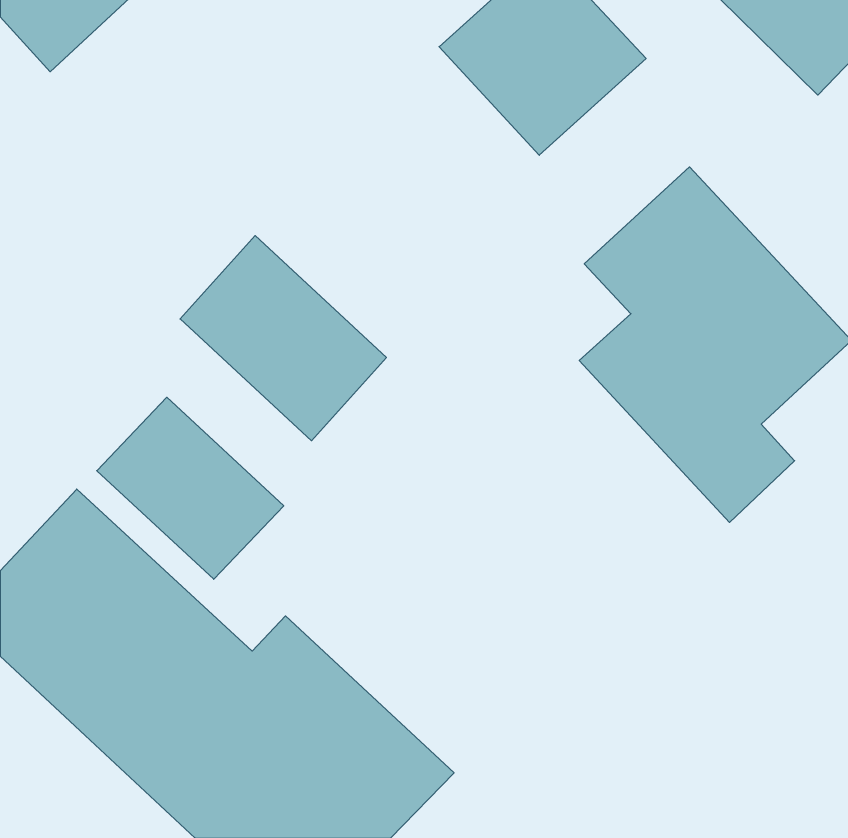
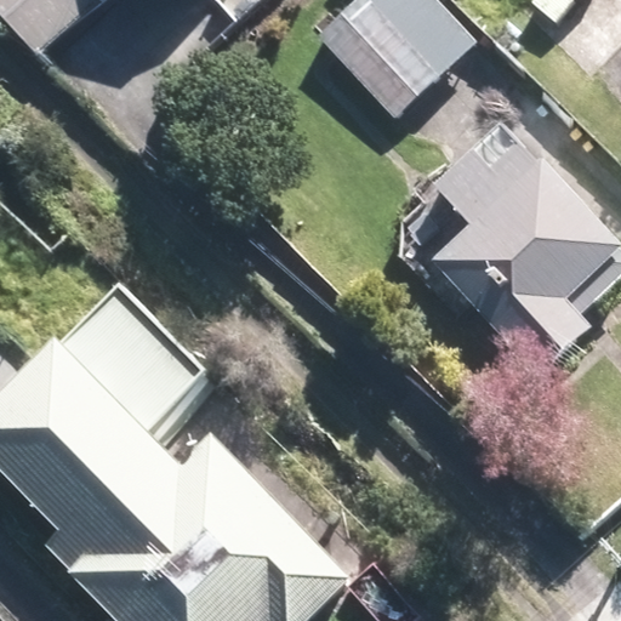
building: [180,236,386,441] -> none

